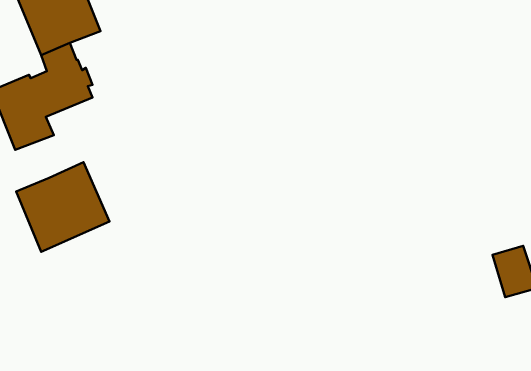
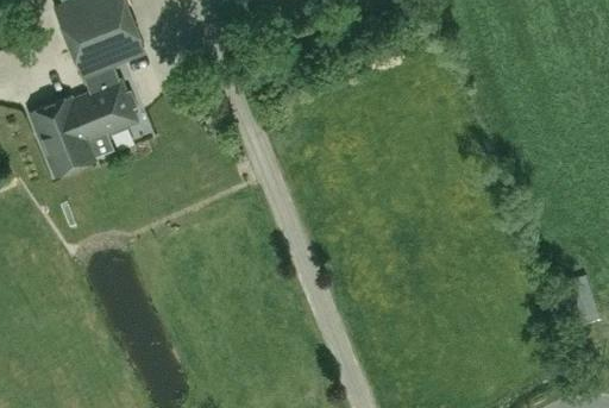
building: [16,162,109,252] -> none

